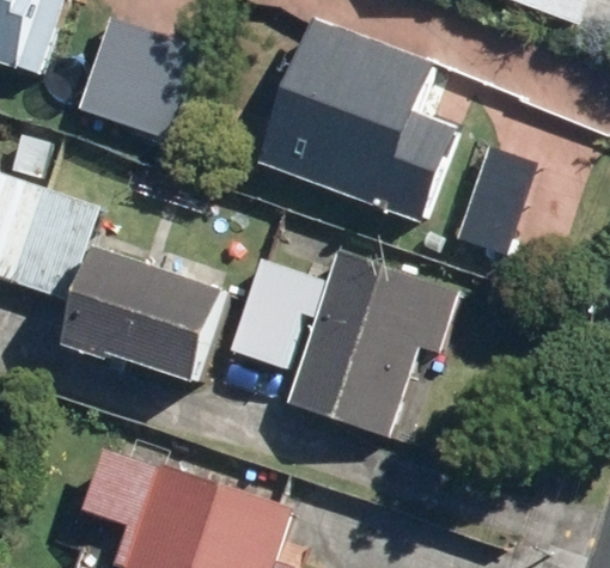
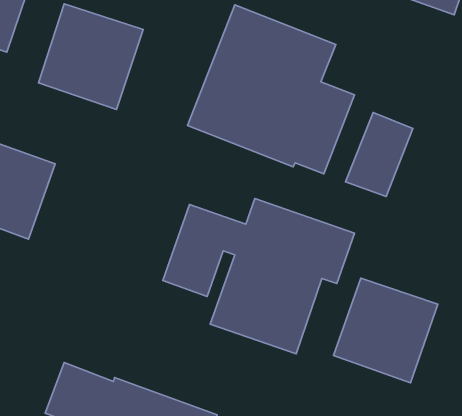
building: [65,249,226,384] -> none
building: none -> [333,278,438,383]

